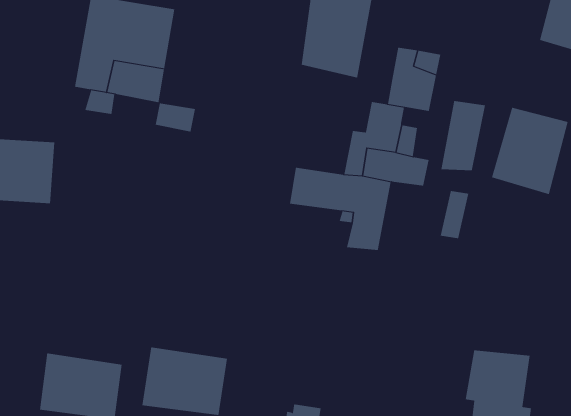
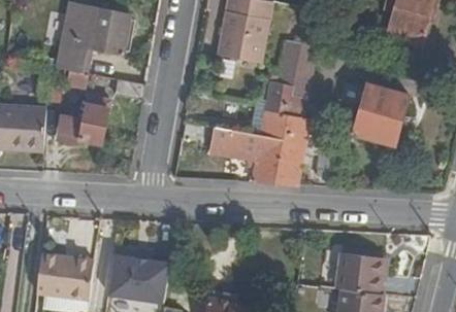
building: [440,101,486,171] -> [273,135,305,184]
building: none -> [55,96,109,144]

